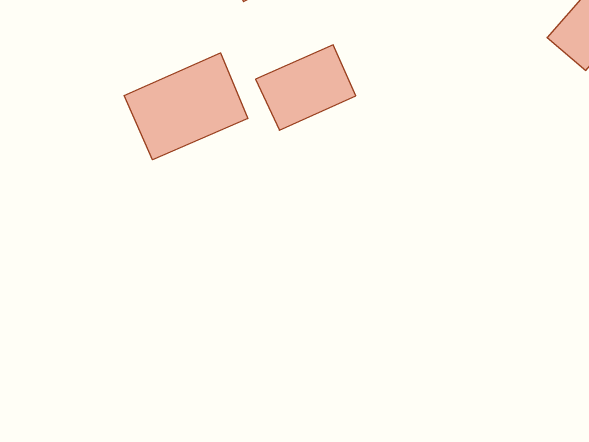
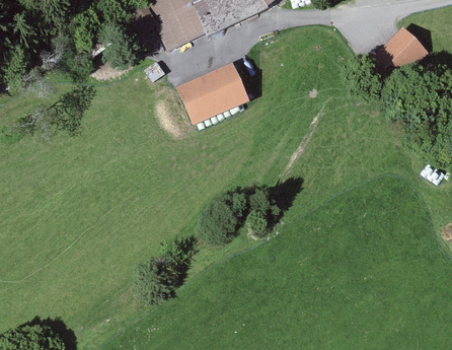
building: [124,53,248,160] -> none

